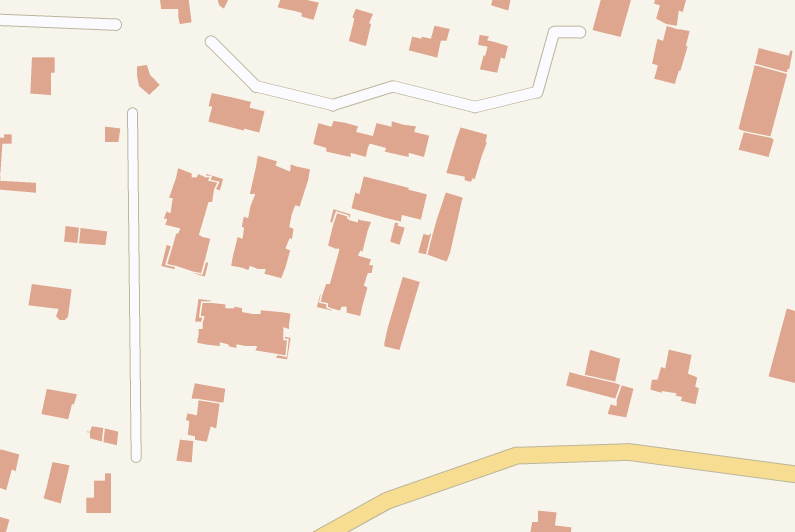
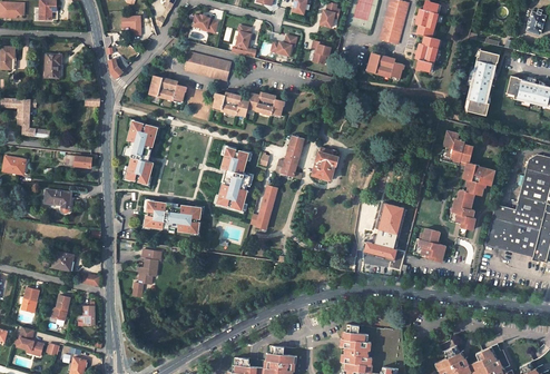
building: none -> [185,52,230,80]
building: none -> [367,52,402,78]
building: [445,127,488,183] -> [312,147,337,180]
building: [230,155,311,279] -> none
building: [350,176,428,223] -> none
building: none -> [440,130,493,229]
building: none -> [377,203,403,234]

